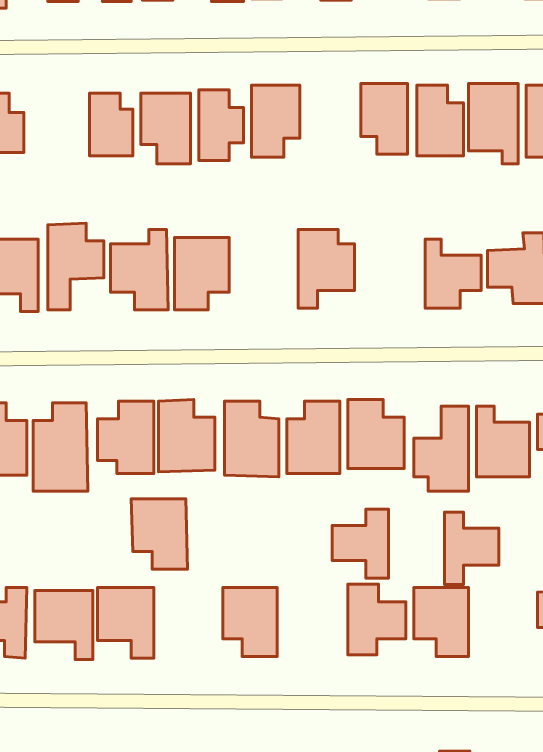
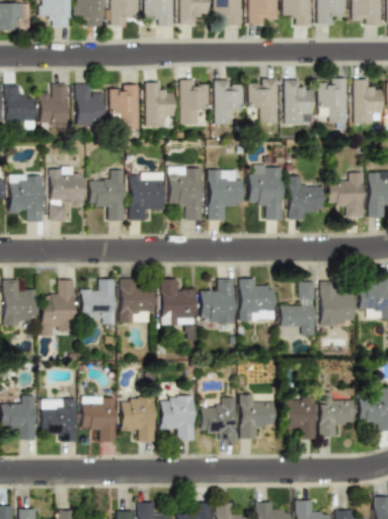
building: none -> [215,79,244,124]
building: none -> [41,84,69,123]
building: none -> [249,164,283,220]
building: none -> [169,168,204,220]
building: [131,499,187,569] -> [122,397,157,442]
building: [332,509,388,578] -> [202,397,237,441]
building: [444,512,499,584] -> [320,392,355,438]

